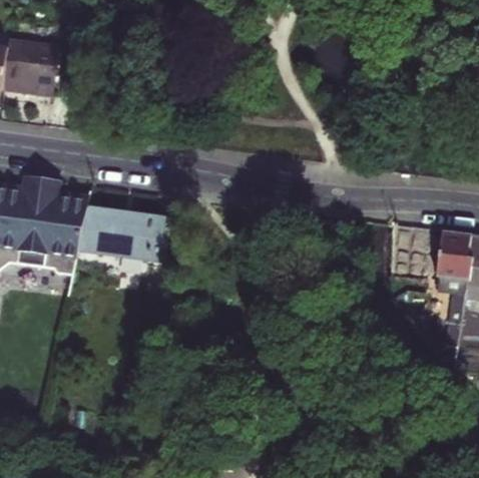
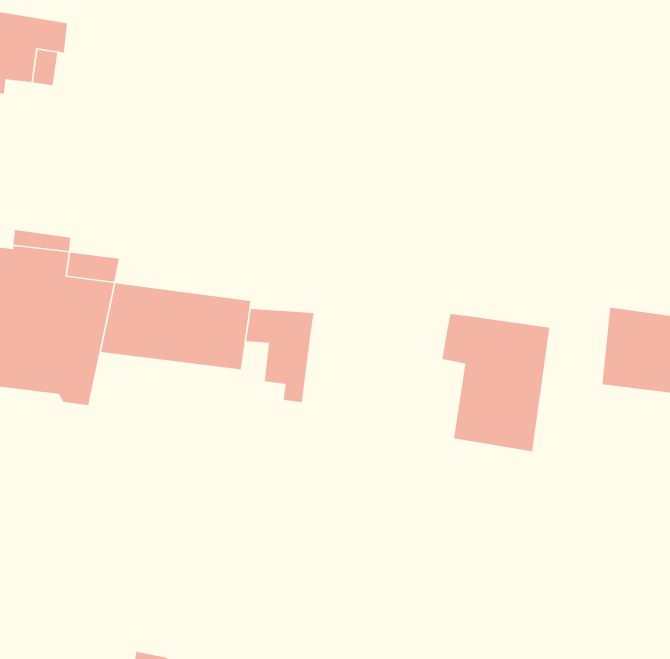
building: none -> [245,308,314,403]
building: none -> [441,313,550,452]

